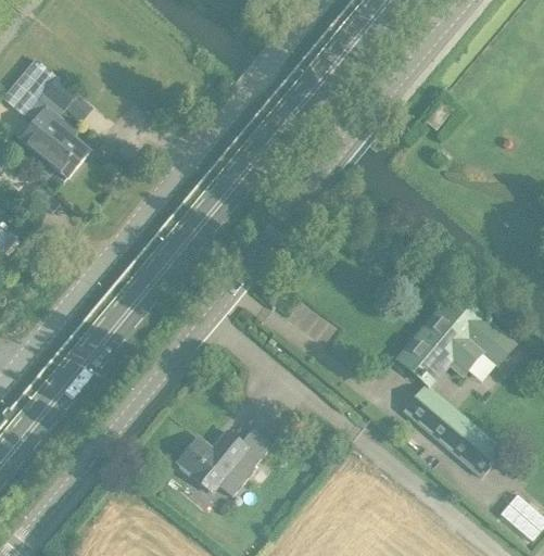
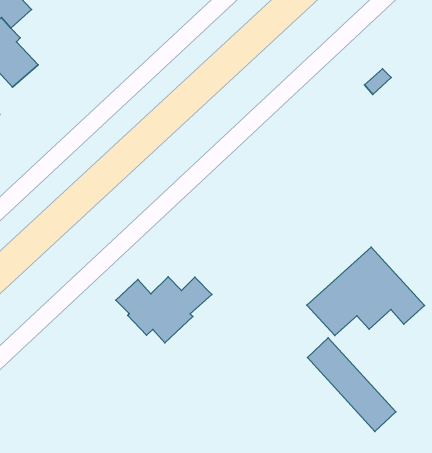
building: [177,427,274,497] -> [116,277,212,343]

